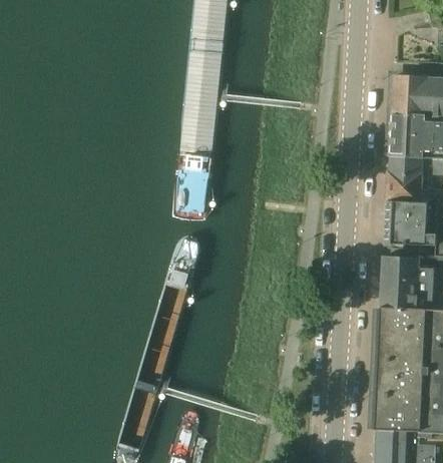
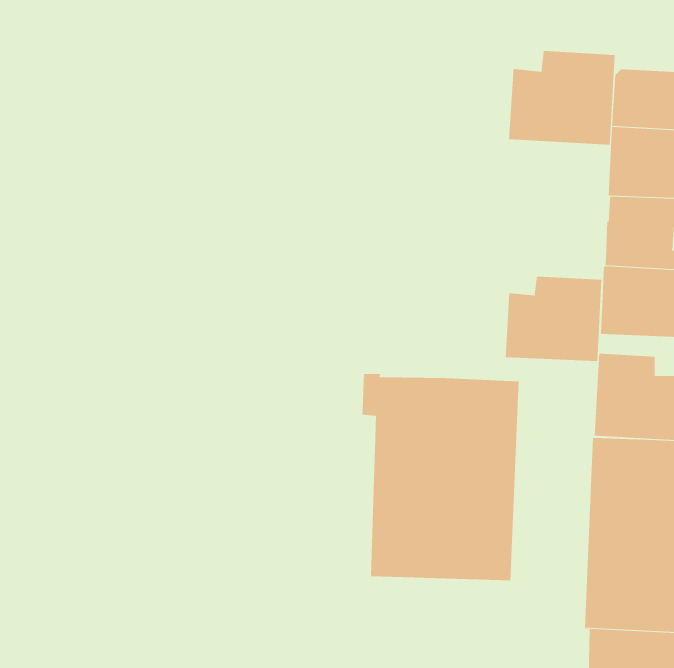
building: none -> [508,50,615,145]
building: none -> [505,276,602,362]
building: none -> [362,373,519,581]

